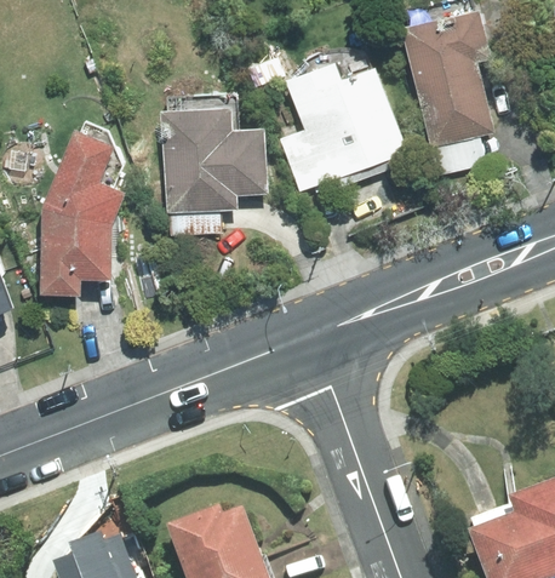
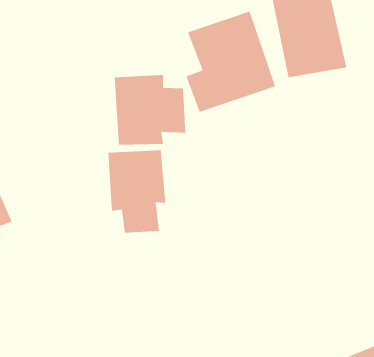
building: [32,126,114,291] -> none
building: none -> [108,150,166,233]

